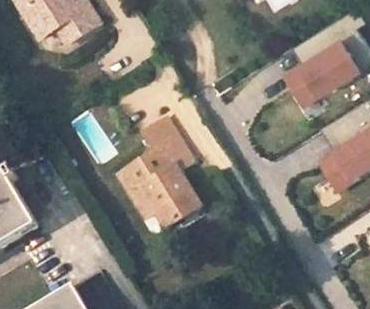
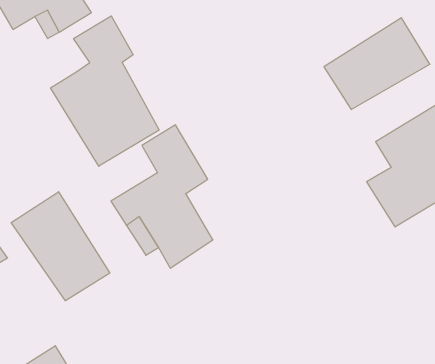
building: none -> [51,16,159,166]
building: none -> [11,192,110,301]

